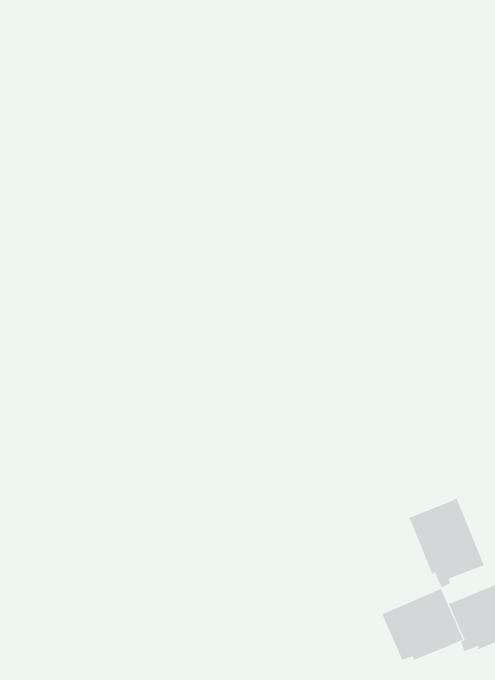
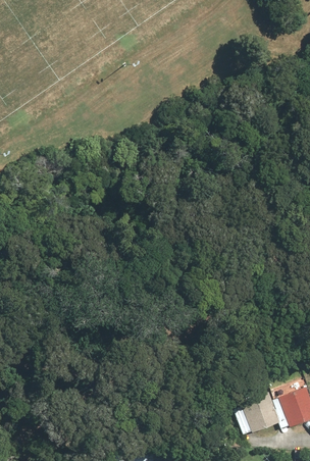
building: [409,498,485,588] -> none

